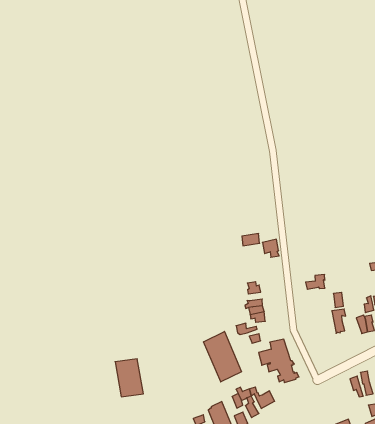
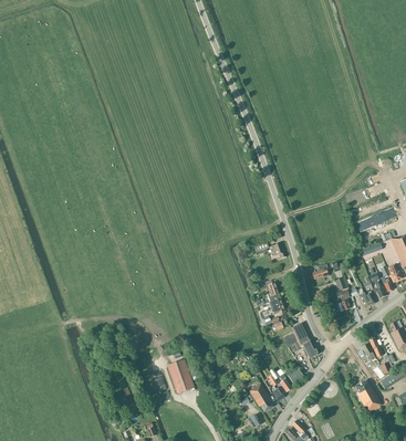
building: [204,331,242,382] -> none

